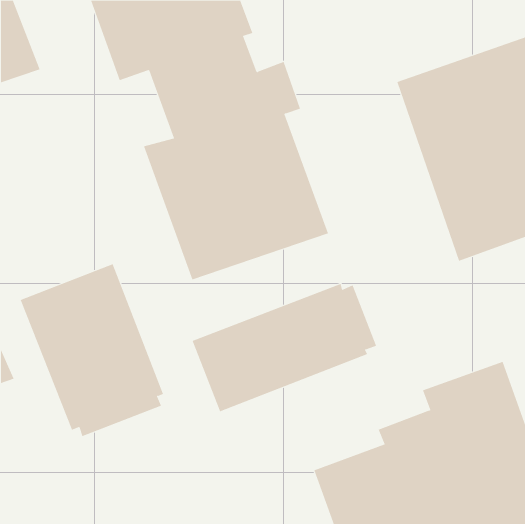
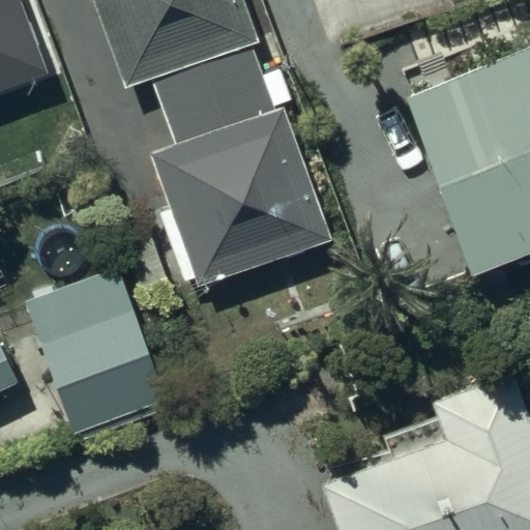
building: [192,283,377,412] -> none

